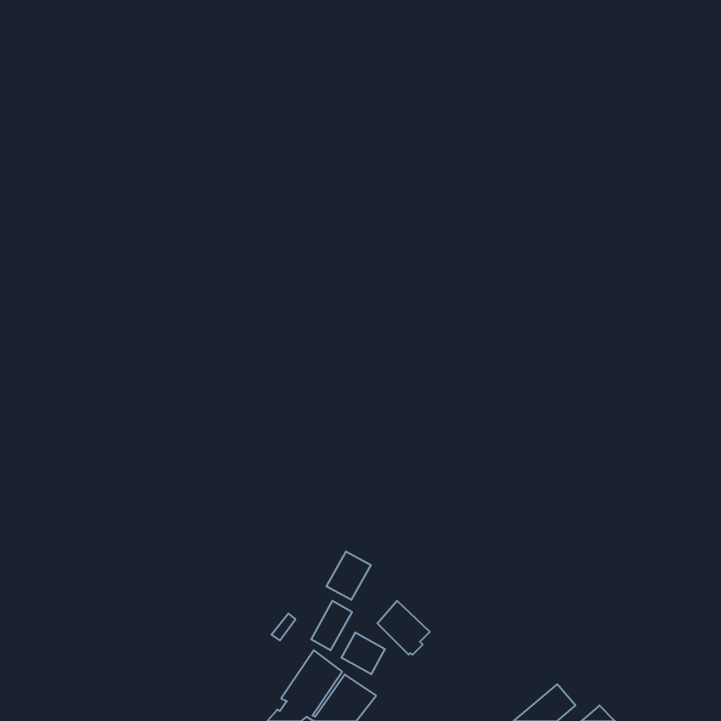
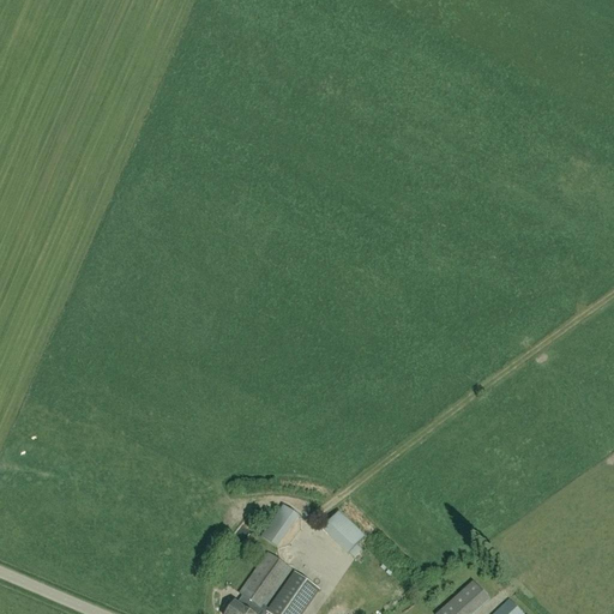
building: [327,551,371,600] -> none
building: [341,632,385,674] -> none

